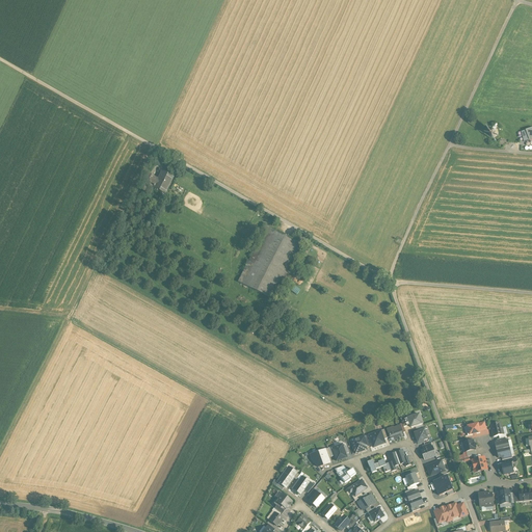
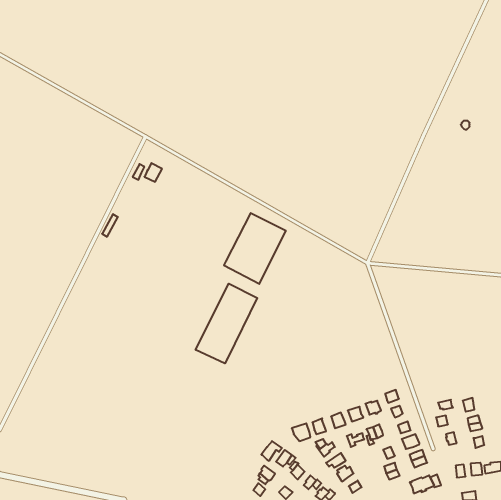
building: none -> [196,284,257,363]

